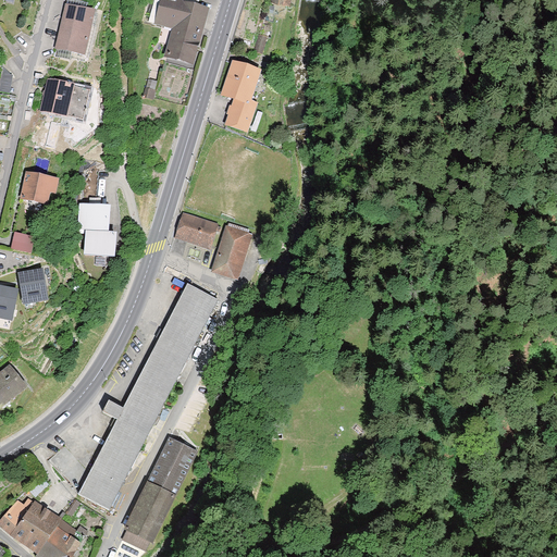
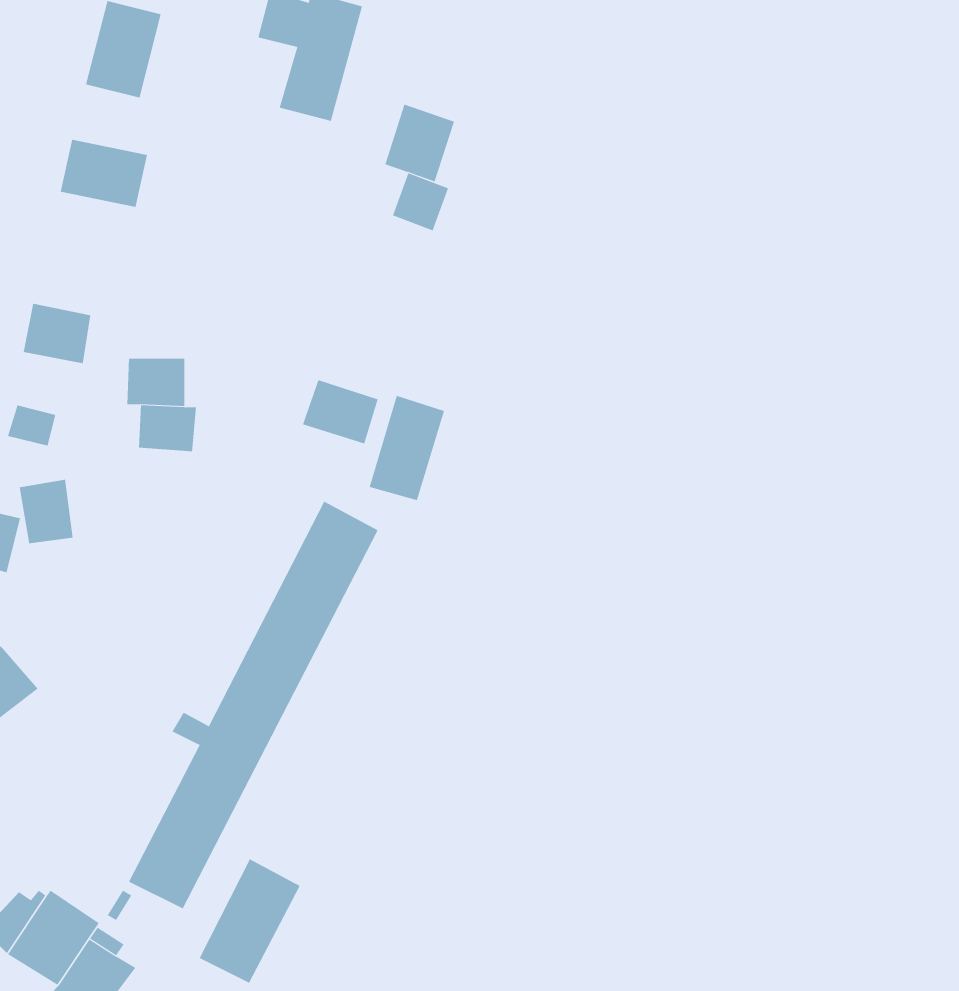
building: [146,436,198,496] -> none

